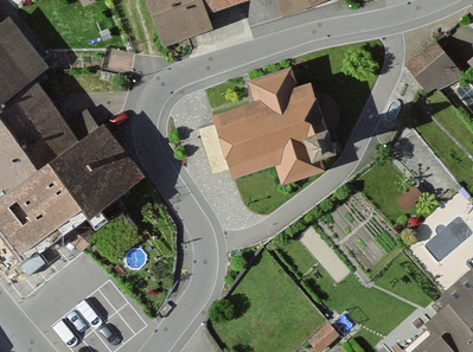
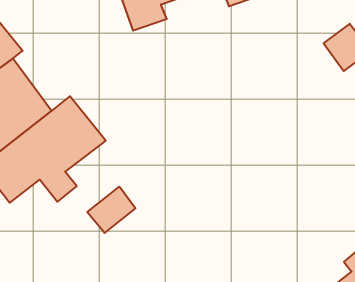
building: [213,73,332,180] -> none
building: none -> [87,187,135,233]

